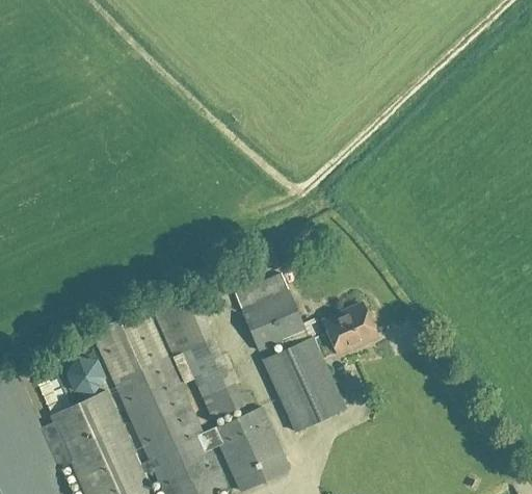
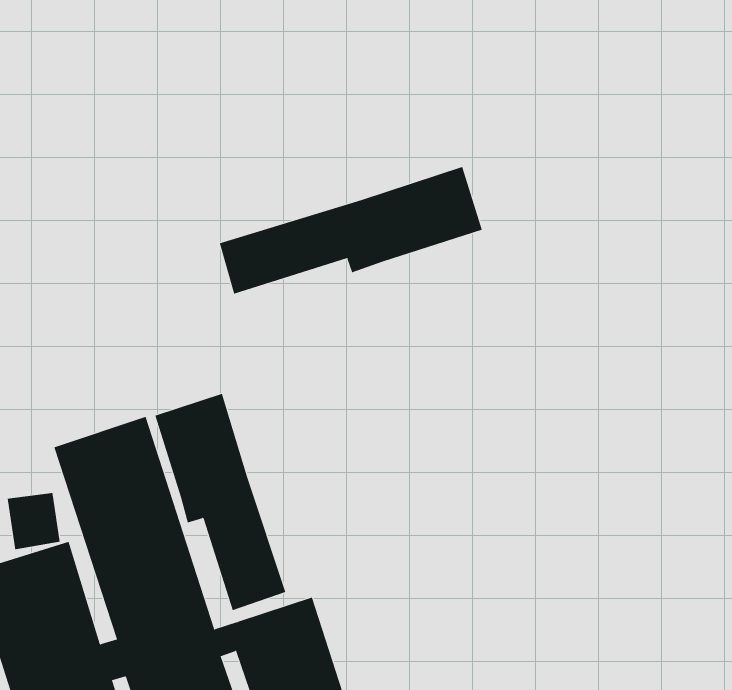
building: none -> [219,166,482,295]
building: [232,274,376,434] -> none

